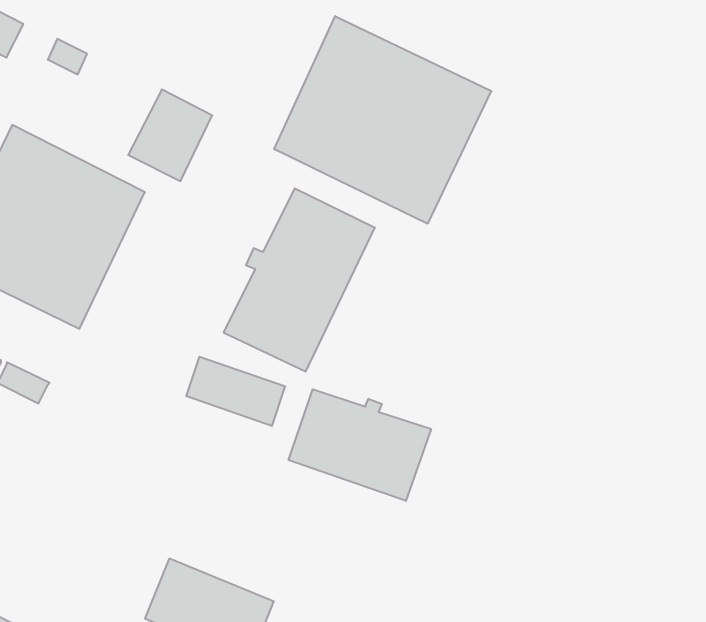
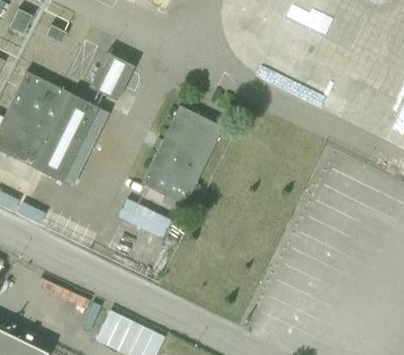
building: [274,16,491,224] -> none
building: [289,389,431,501] -> none

